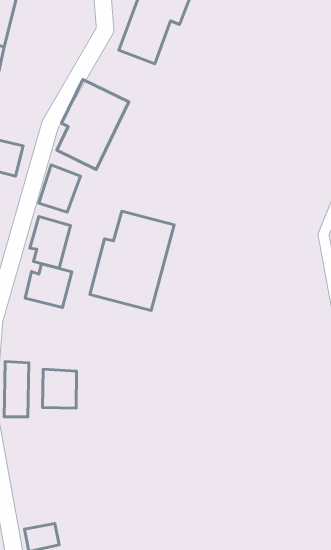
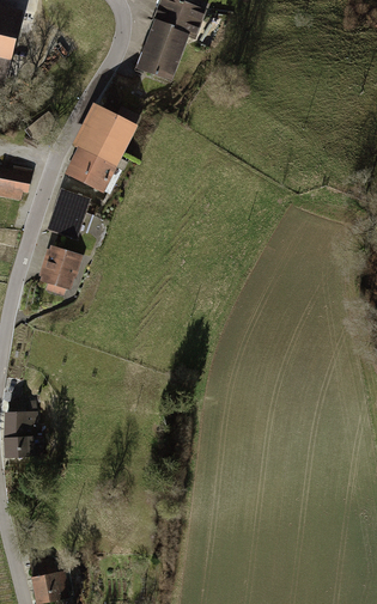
building: [90,211,174,311] -> none
building: [25,264,72,307] -> none
building: [43,369,76,408] -> none

